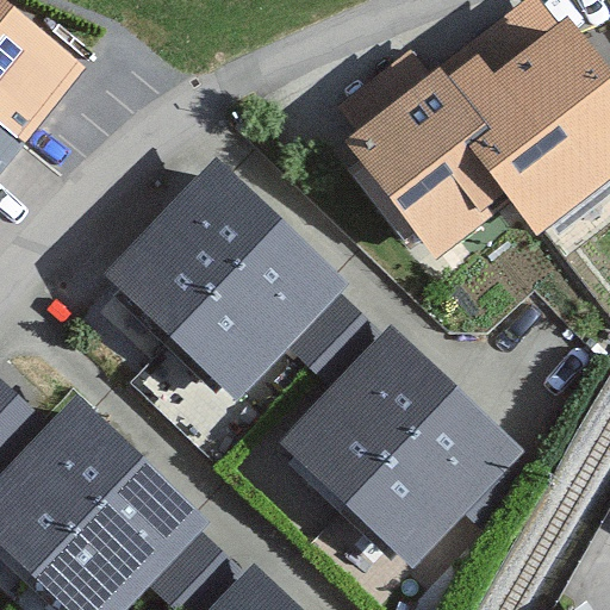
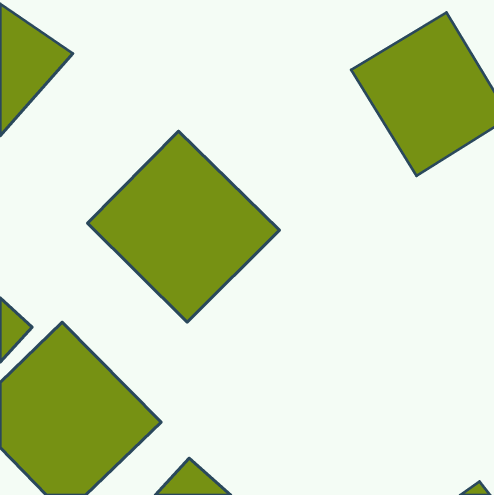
building: [325,79,492,259] -> none
building: [282,325,525,567] -> none

